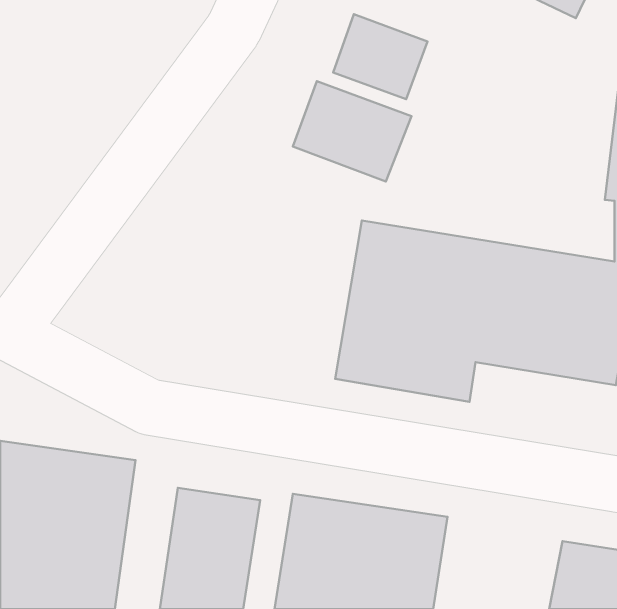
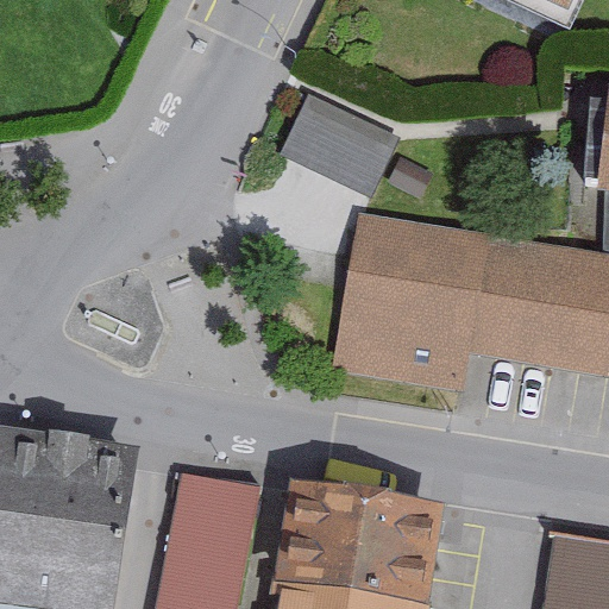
building: [333,14,428,99] -> none

